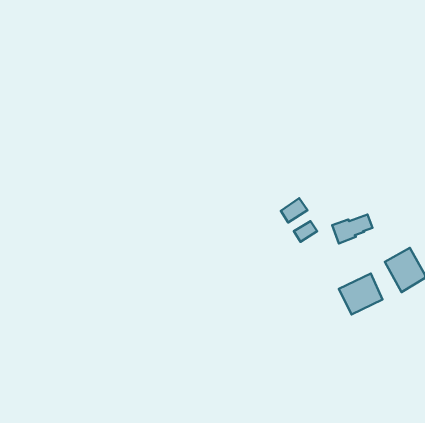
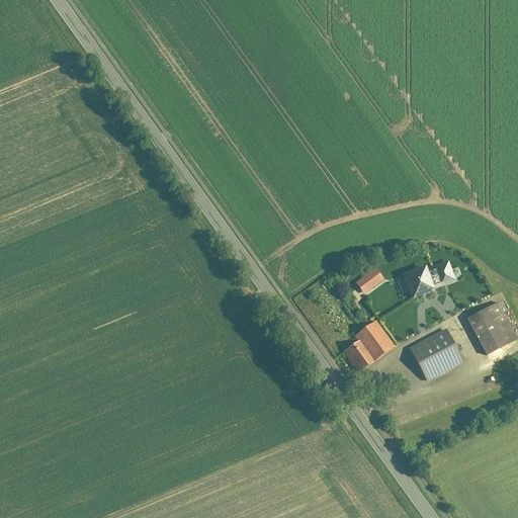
building: [281,198,307,223] -> none
building: none -> [343,319,392,369]

